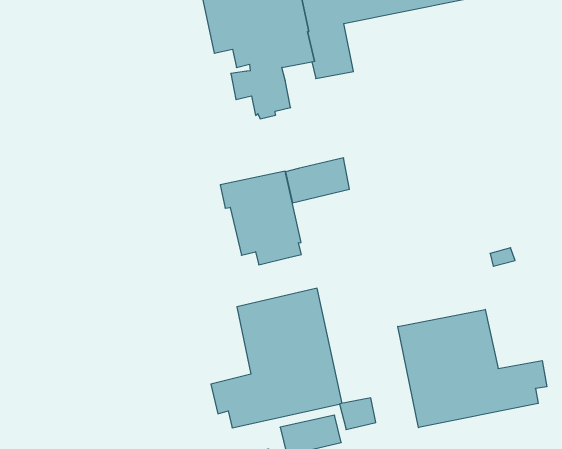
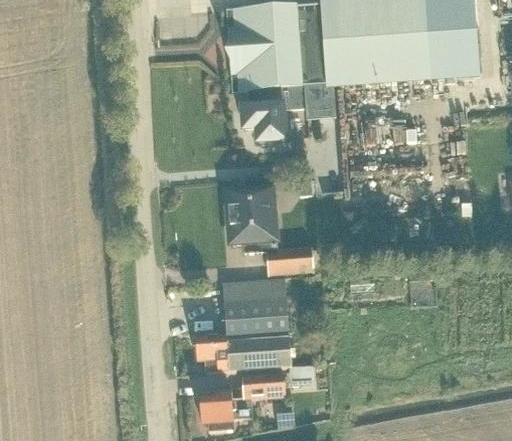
building: [285,158,349,203] -> [266,246,312,274]
building: [398,309,547,428] -> none

